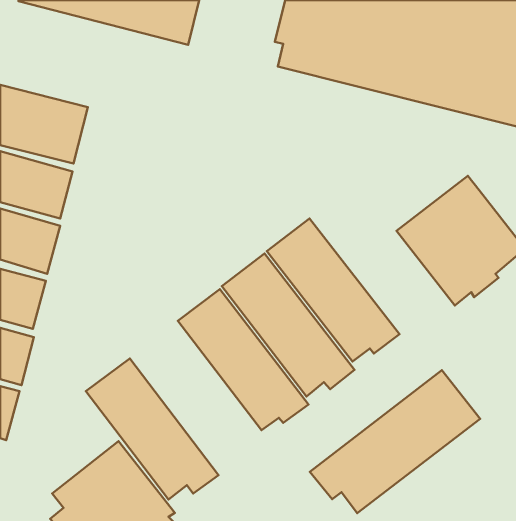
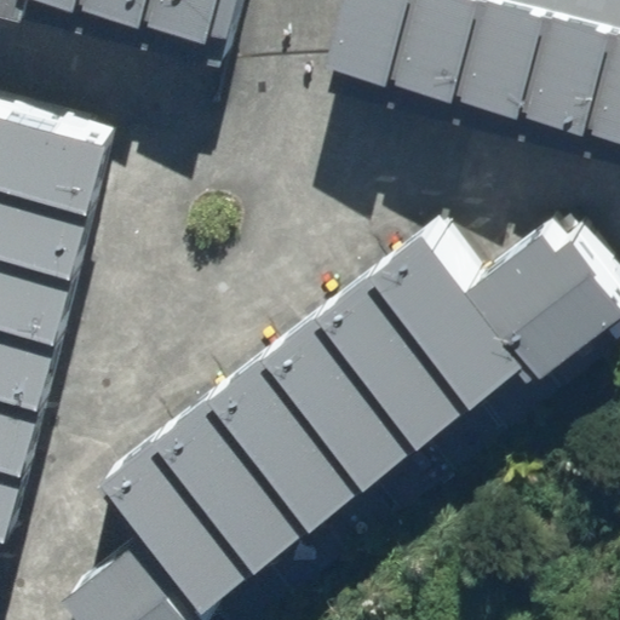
building: none -> [378,219,529,389]
building: none -> [163,384,320,553]
building: [310,370,480,513] -> none

